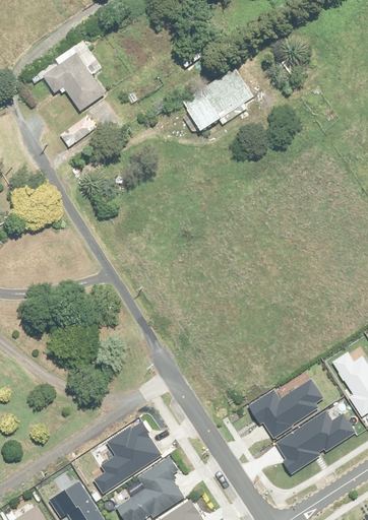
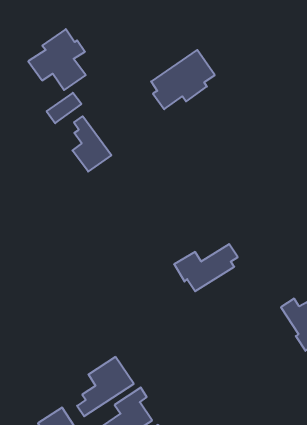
building: none -> [72,116,111,172]
building: [249,381,323,436] -> [174,244,238,291]
building: [279,413,354,471] -> none

